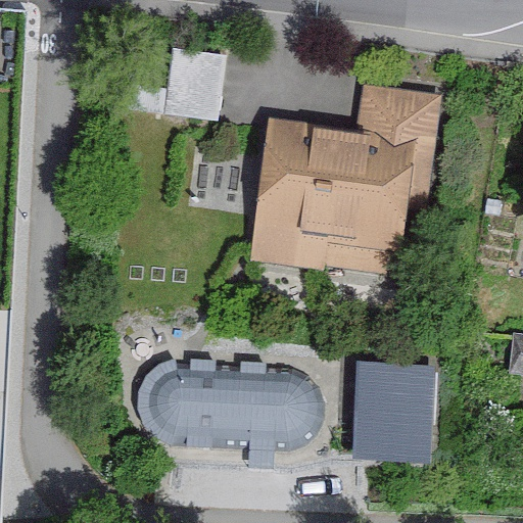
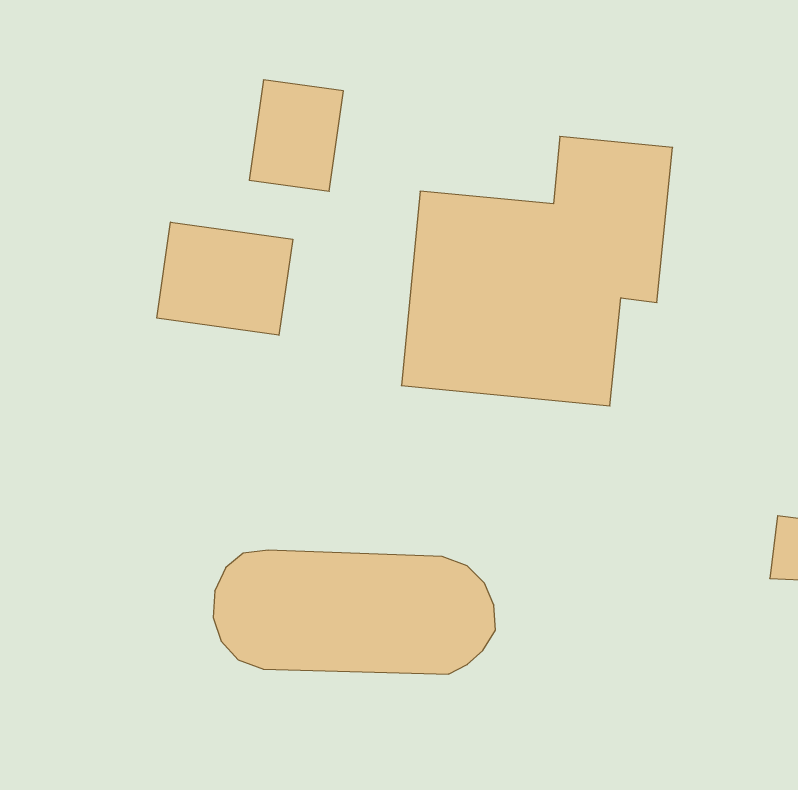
building: none -> [157,222,293,335]
building: [349,367,429,468] -> none

